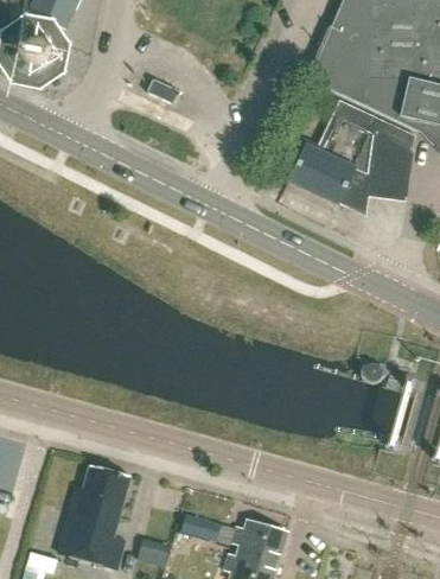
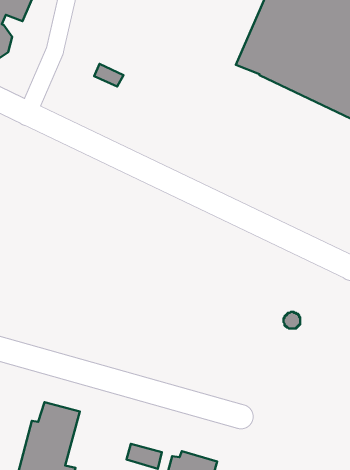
building: [287,102,414,212] -> none

